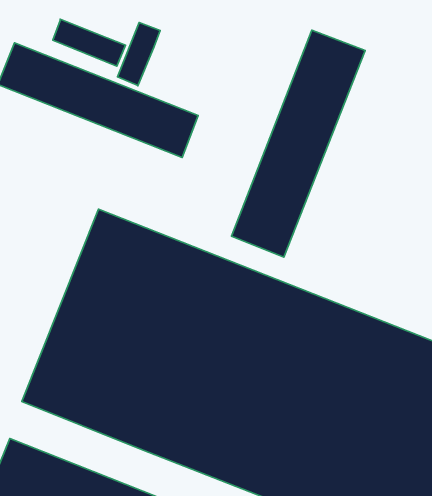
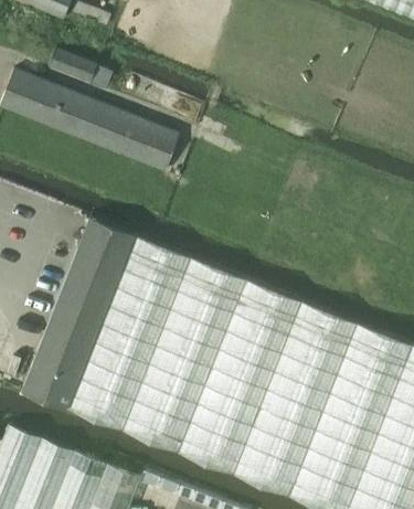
building: [117,22,160,86] -> none
building: [232,30,365,257] -> none

